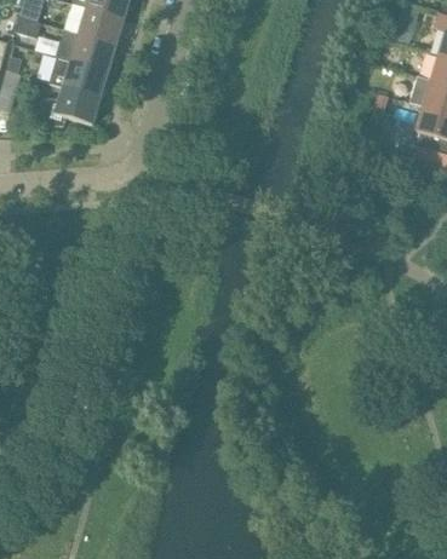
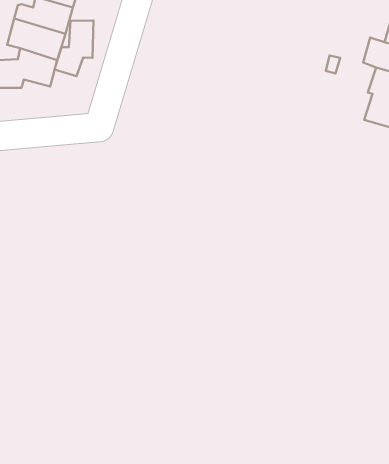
building: none -> [55,20,93,76]

